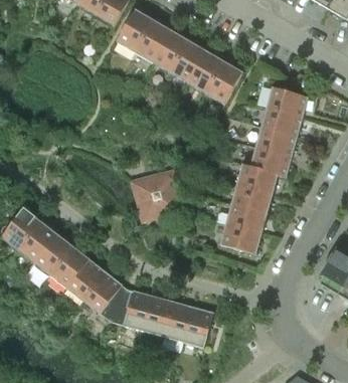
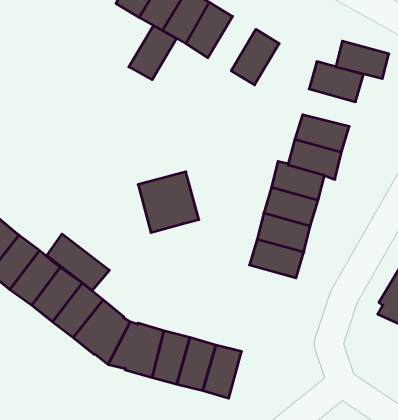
building: [187,51,224,93] -> [129,25,177,80]
building: [260,108,302,137] -> [336,41,389,79]
building: none -> [47,234,109,291]

